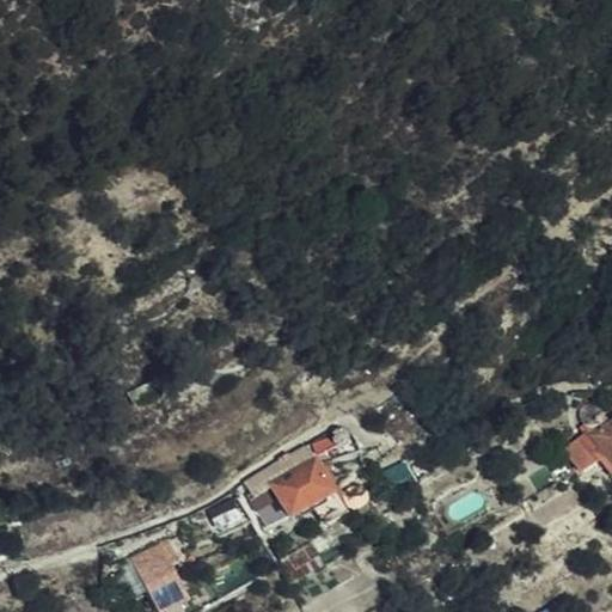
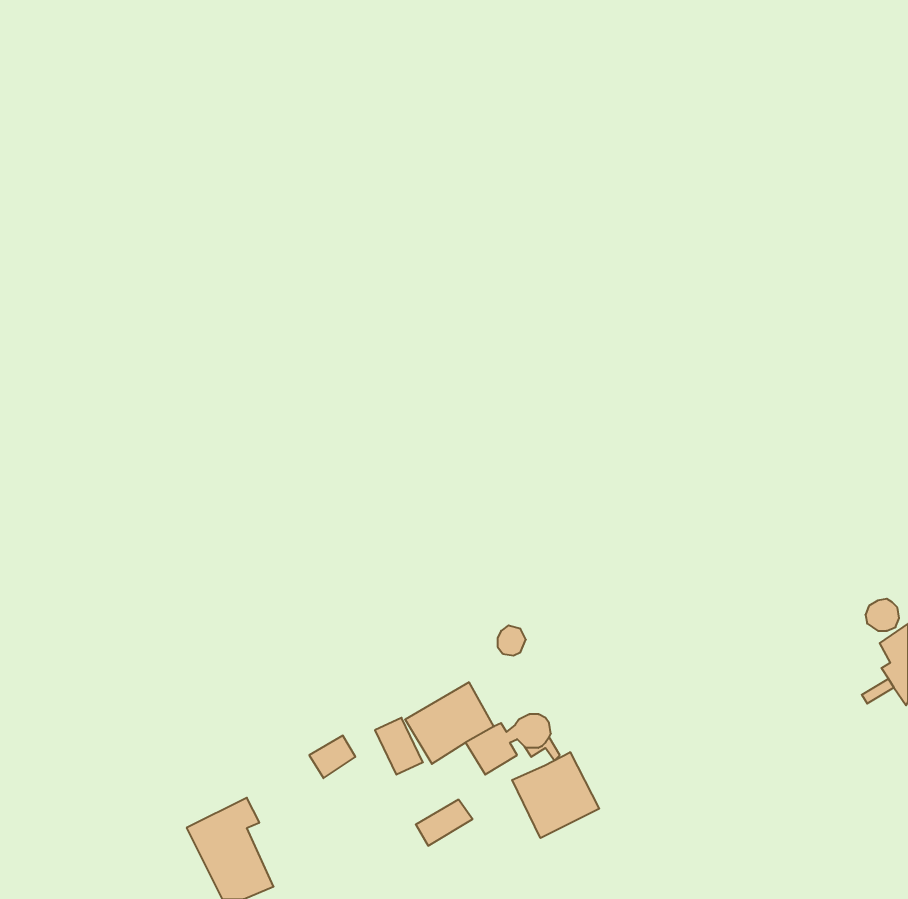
building: none -> [512,752,599,838]

